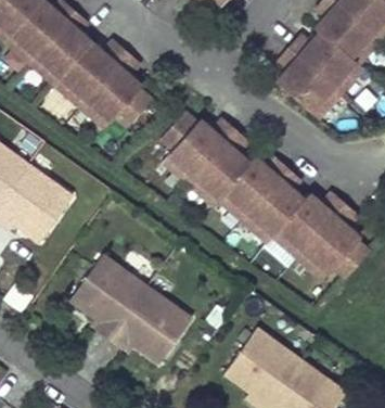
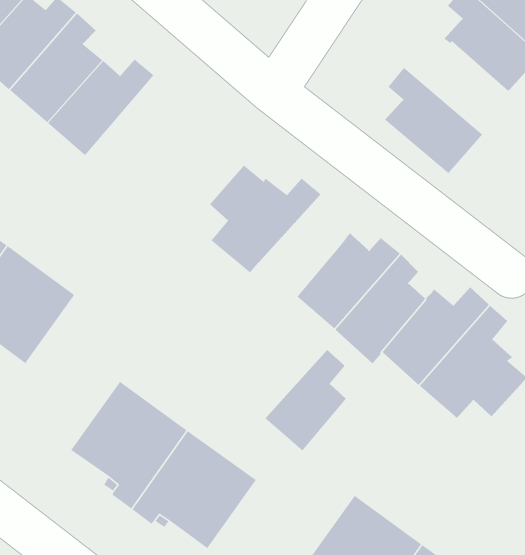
building: [288,30,362,91] -> none
building: [79,52,151,127] -> none
building: [193,130,247,197] -> [264,349,347,452]

